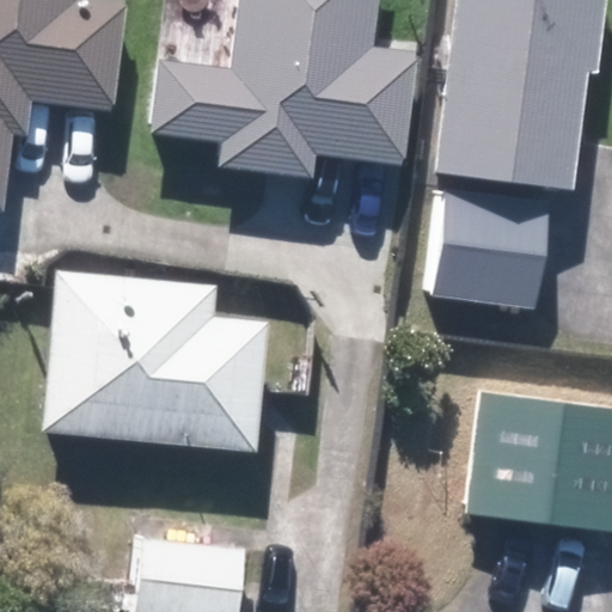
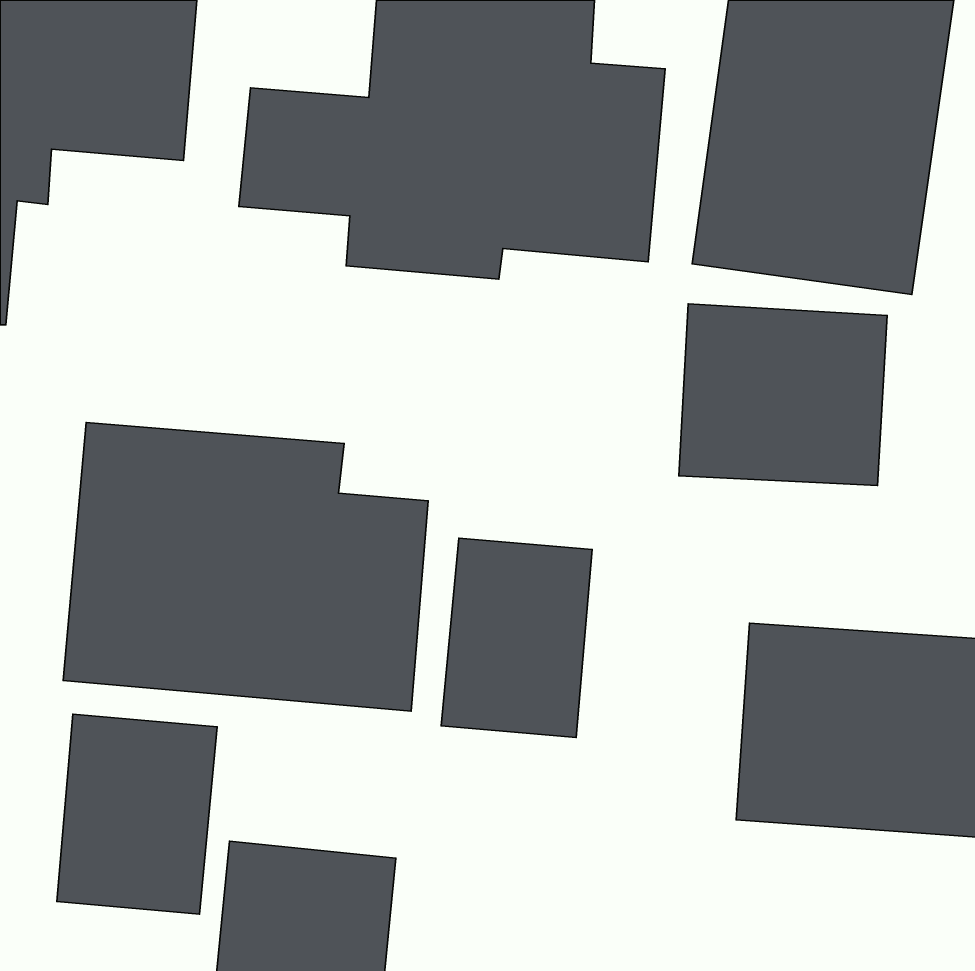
building: none -> [441,538,592,738]
building: none -> [57,714,217,914]

